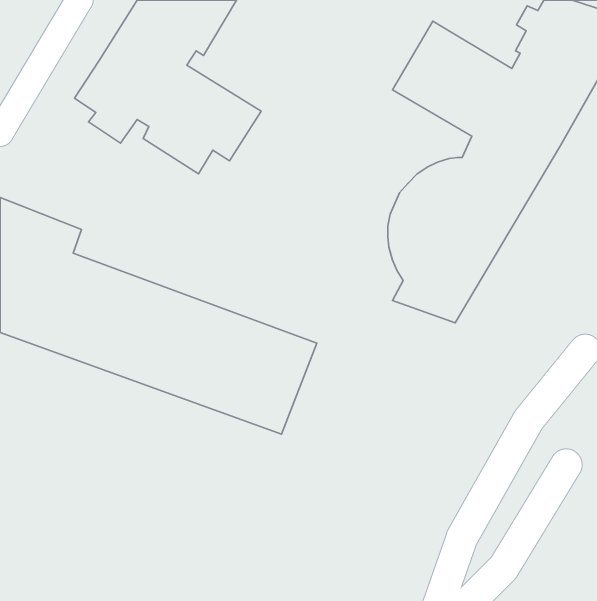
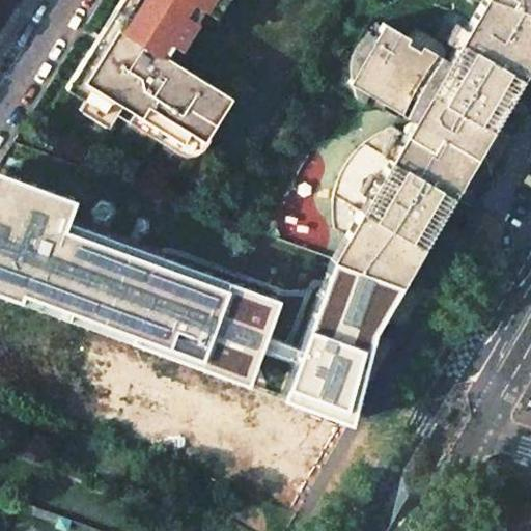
building: none -> [253,250,406,425]

